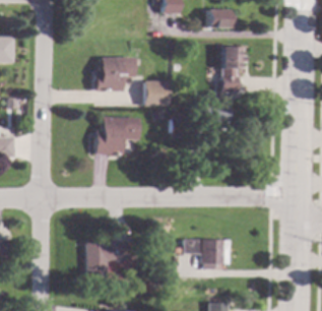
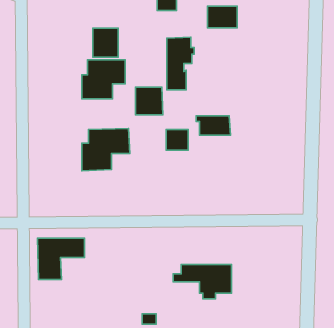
building: none -> [93,28,118,57]
building: [222,46,247,92] -> [167,37,194,90]
building: [86,243,128,279] -> [38,238,84,279]

